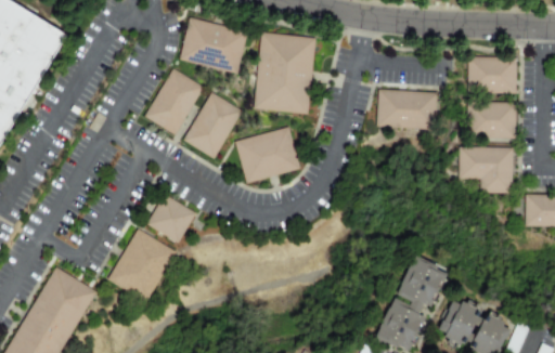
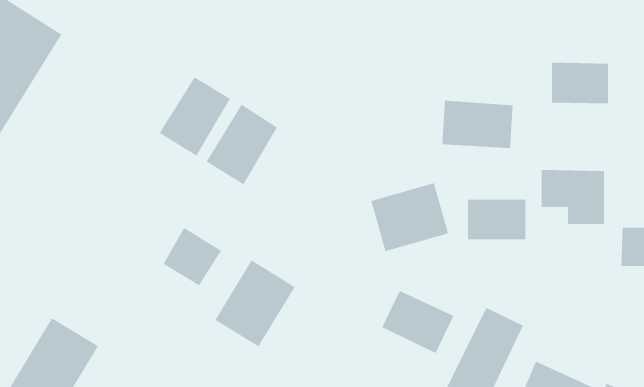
building: [181,16,246,71] -> none
building: [255,34,314,113] -> none
building: [467,103,516,136] -> [467,199,526,240]
building: [235,127,300,184] -> [370,182,449,252]
building: [107,230,175,302] -> [214,260,296,347]
building: none -> [382,290,454,354]

